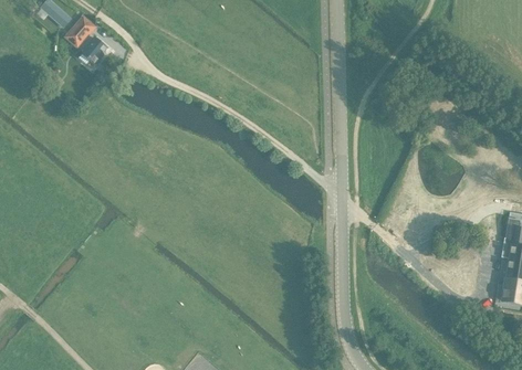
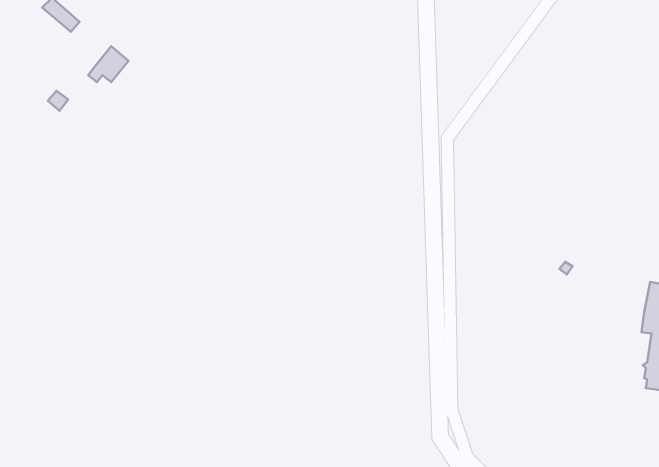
building: [63,14,96,50] -> none

